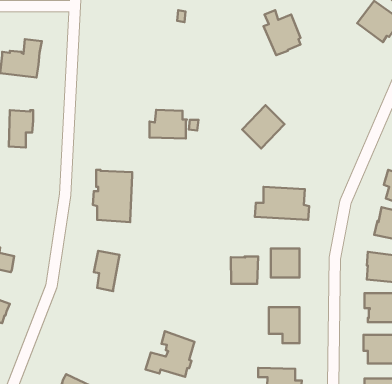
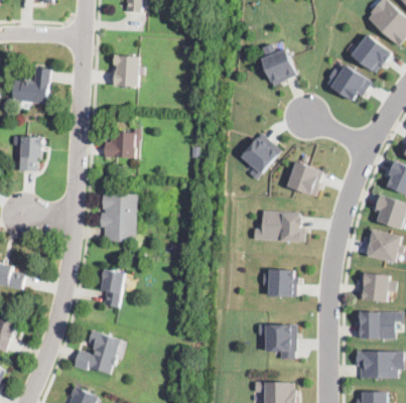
building: none -> [113,57,140,88]
building: none -> [326,63,372,101]
building: [150,110,187,139] -> [105,132,140,159]
building: none -> [287,160,323,194]
building: [231,256,258,284] -> none
building: [146,331,195,377] -> [74,330,120,374]

